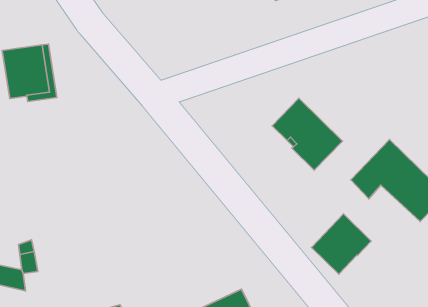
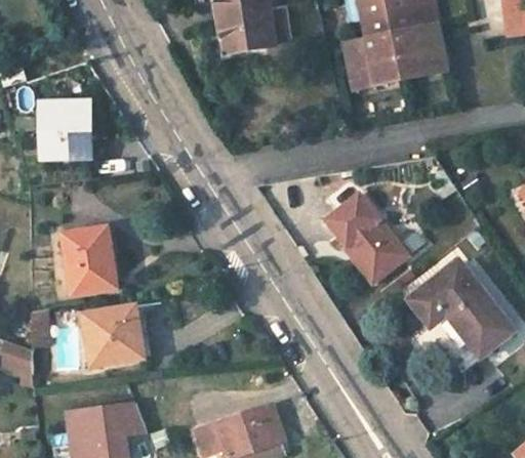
building: none -> [58,227,115,295]
building: [311,214,371,274] -> none
building: none -> [81,305,143,366]

